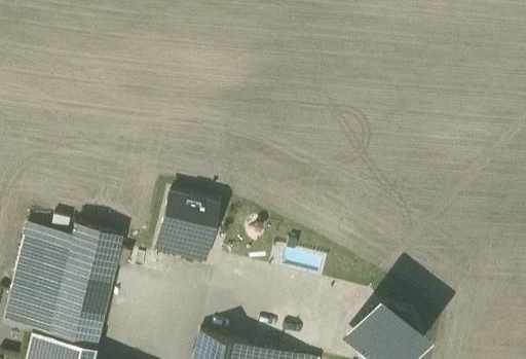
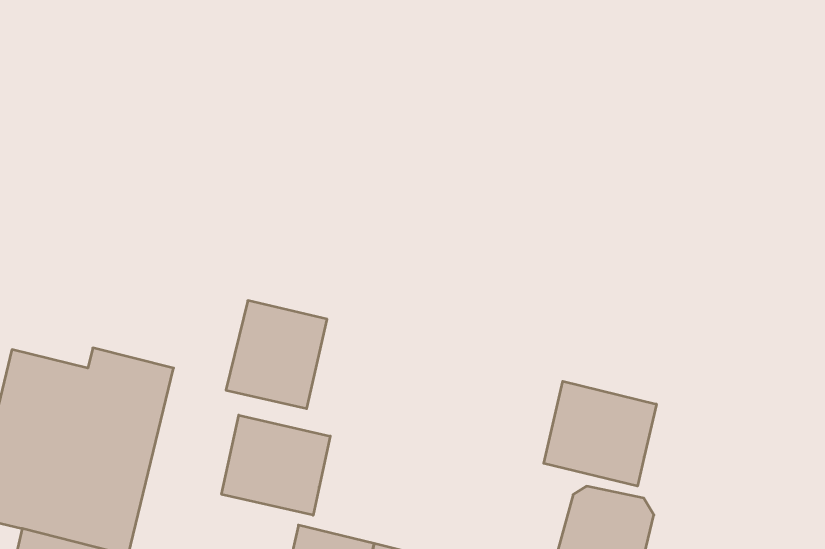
building: none -> [544,381,656,486]
building: none -> [222,415,330,515]

